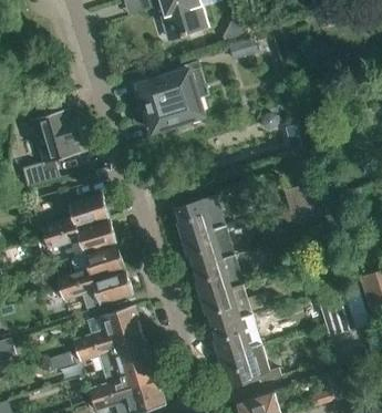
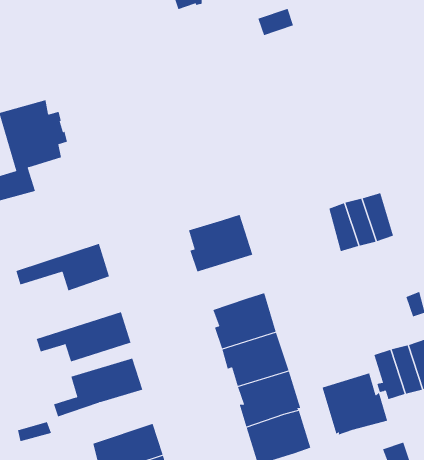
building: [135,62,208,133] -> none
building: [40,194,109,239] -> none
building: [183,227,235,269] -> none
building: [56,244,125,291] -> none
building: none -> [322,372,388,435]
building: [76,330,149,371] -> none

